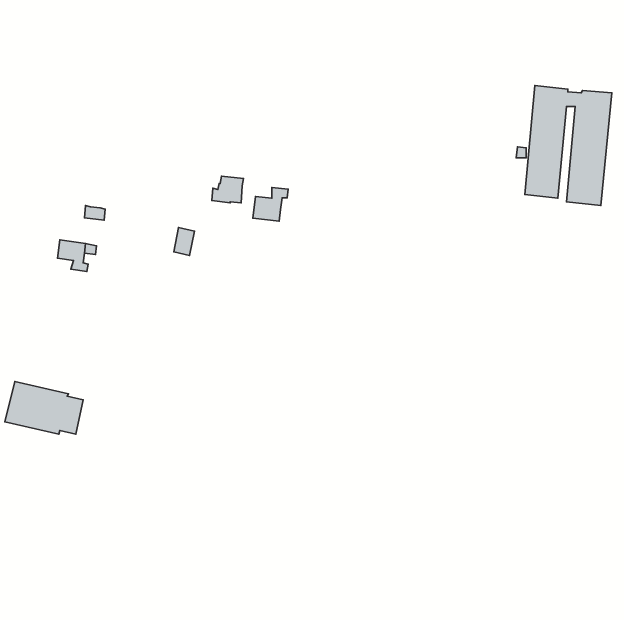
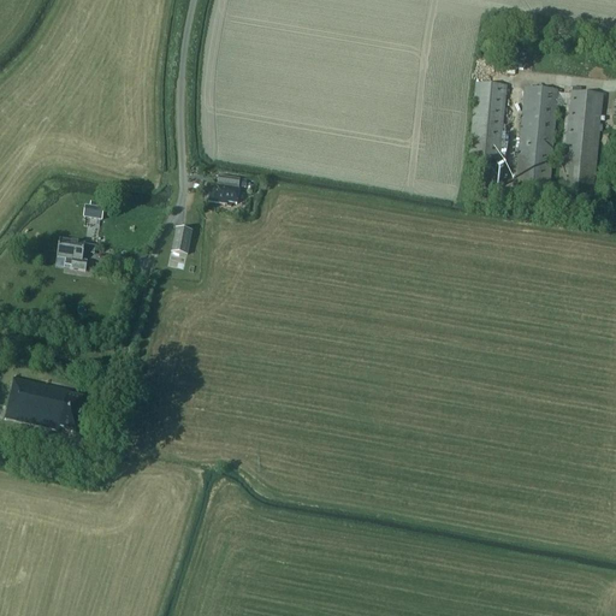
building: none -> [469,81,507,156]
building: [253,187,288,221] -> none

